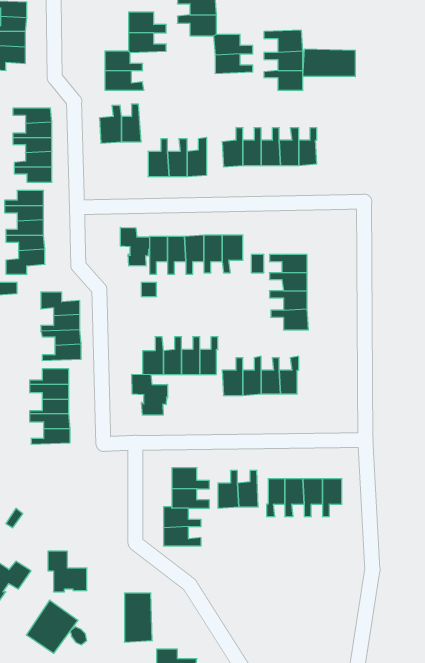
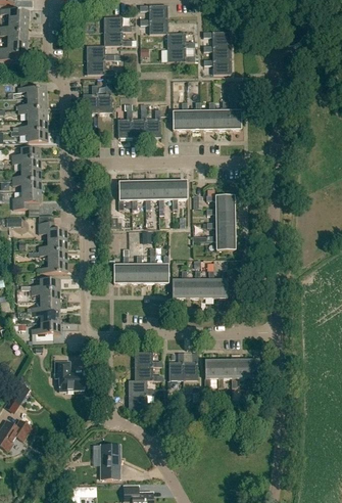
building: [303,49,355,77] -> none
building: [120,227,150,266] -> none
building: [132,374,168,415] -> none
building: [48,551,87,592] -> [55,361,84,391]
building: [26,600,78,653] -> none

